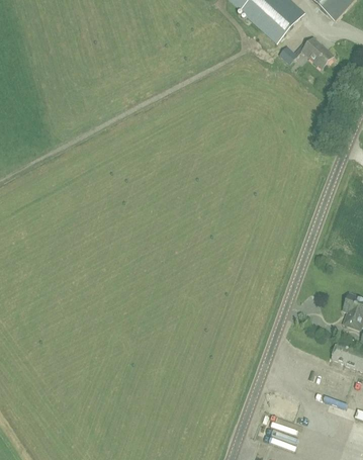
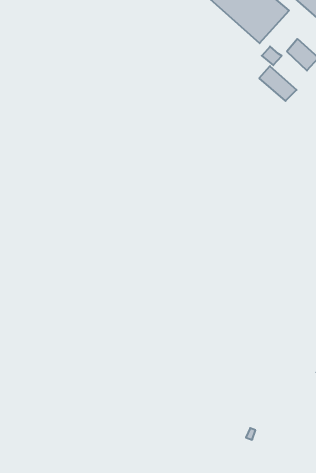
building: none -> [259,66,297,101]

